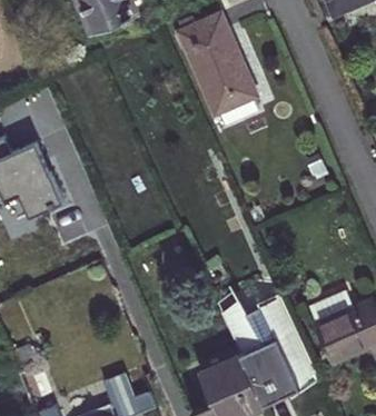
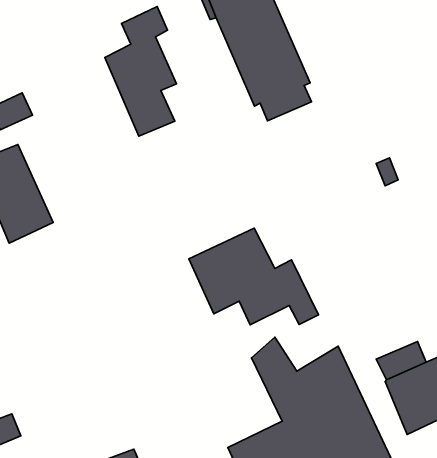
building: none -> [105,7,176,136]
building: none -> [189,228,319,325]

